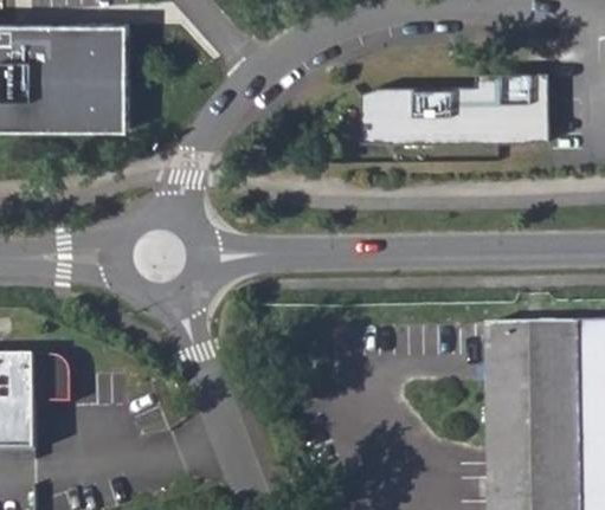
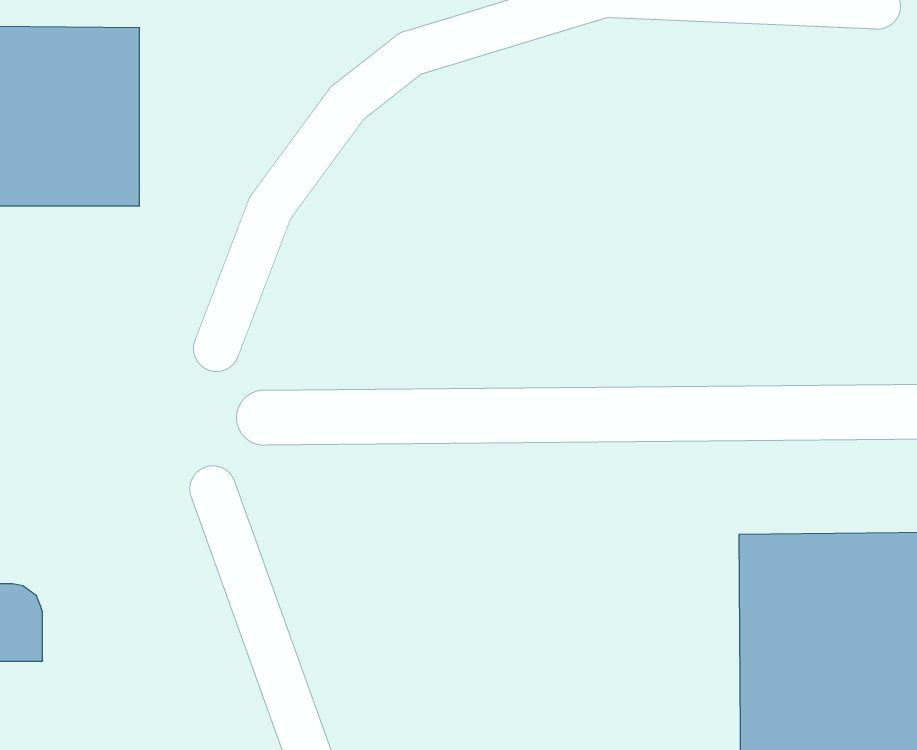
building: [362,73,549,143] -> none

